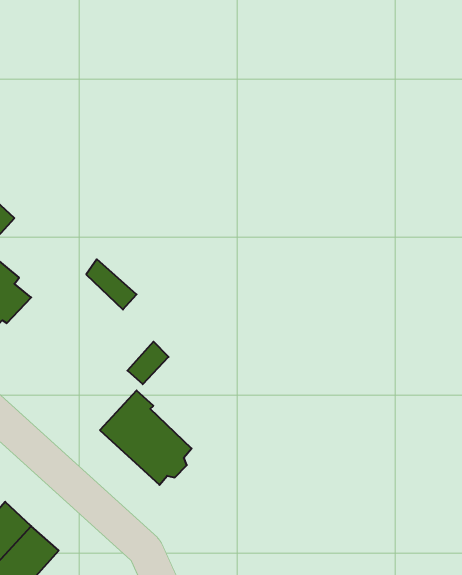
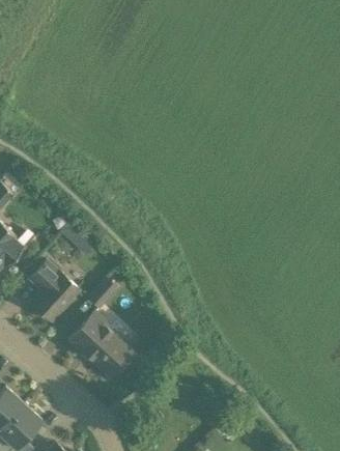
building: none -> [28,259,79,321]

